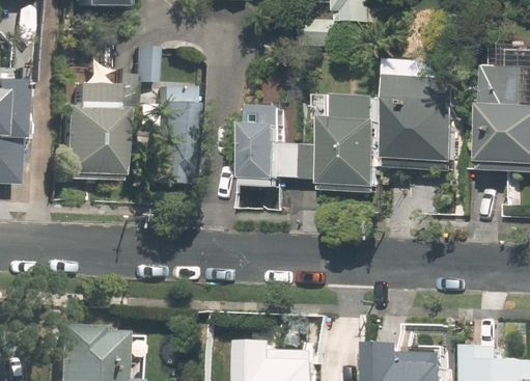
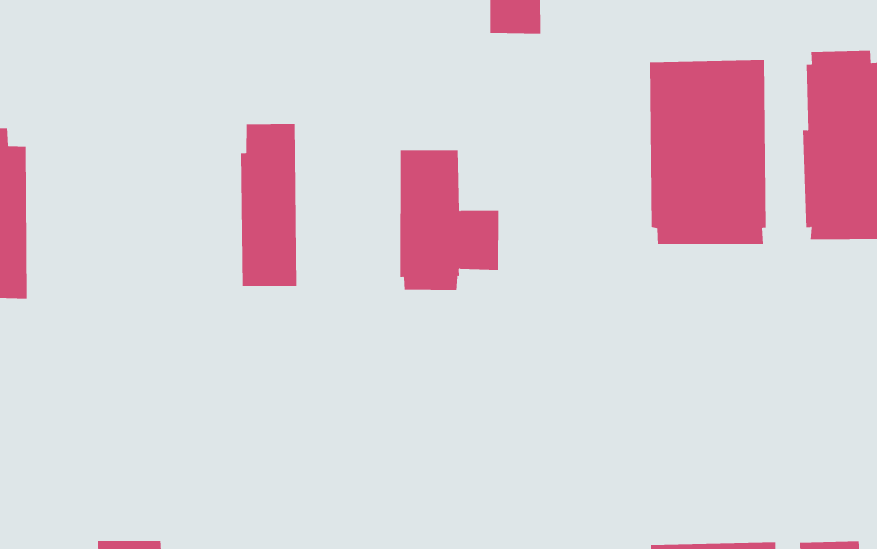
building: [57,44,154,179] -> none
building: [300,94,376,191] -> none

